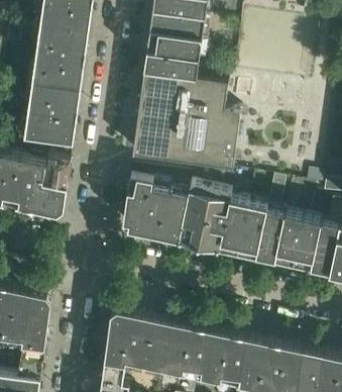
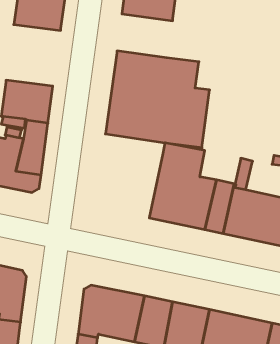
building: [144,33,202,79] -> none
building: [29,44,86,108] -> none
building: [122,170,192,244] -> none

